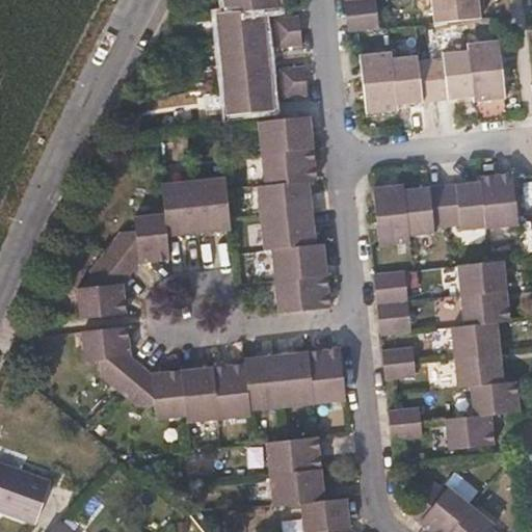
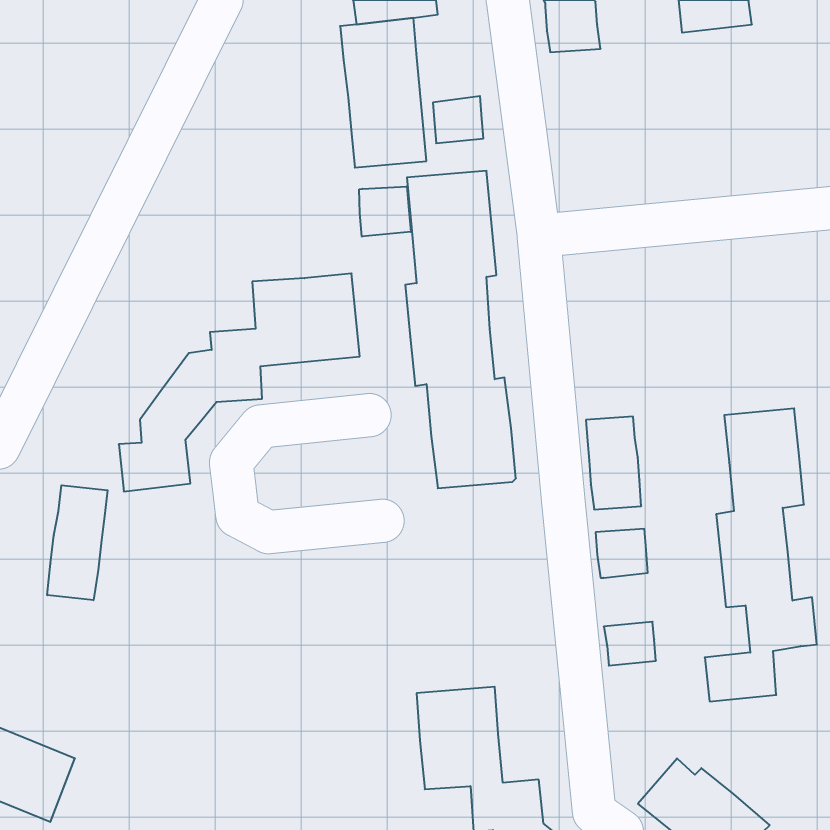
building: [271,17,304,48] -> none
building: [362,42,505,113] -> none
building: none -> [359,186,411,237]
building: [373,174,520,239] -> none
building: none -> [47,485,108,600]
building: [82,326,341,422] -> none

